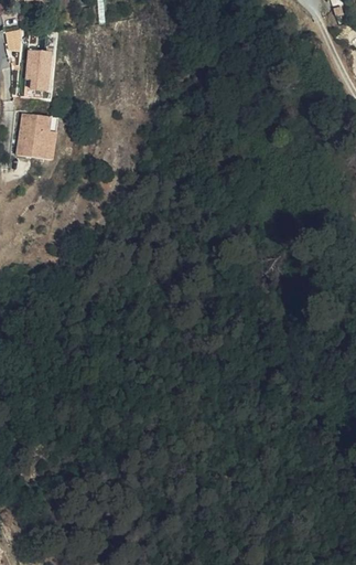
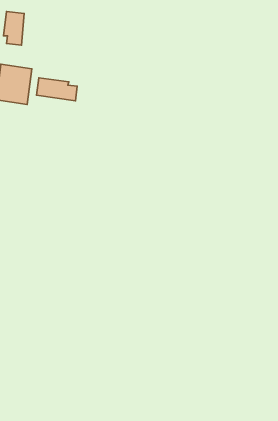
building: none -> [37,78,77,101]

